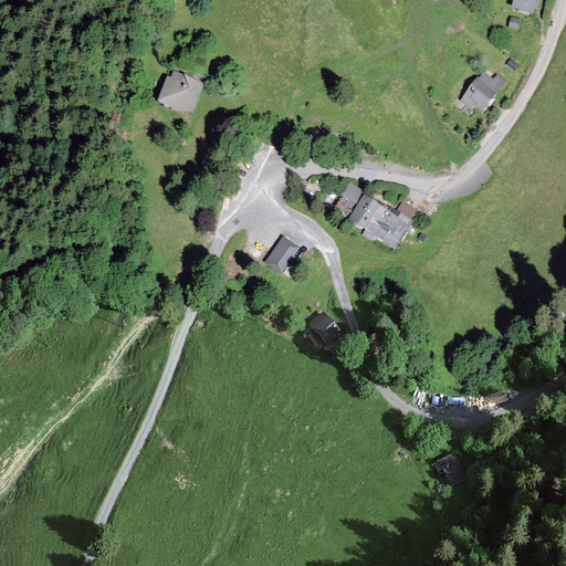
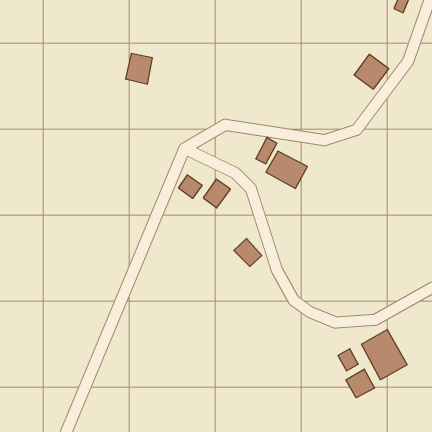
building: none -> [179,175,202,198]
building: none -> [362,329,407,380]
building: none -> [346,369,375,398]

